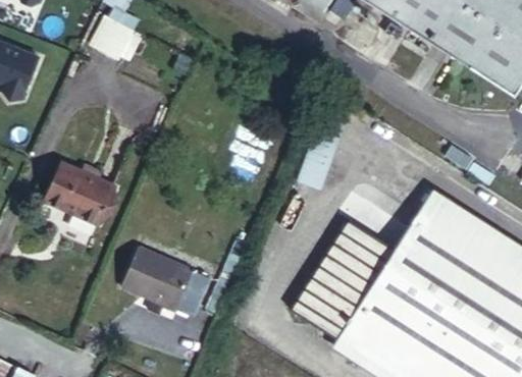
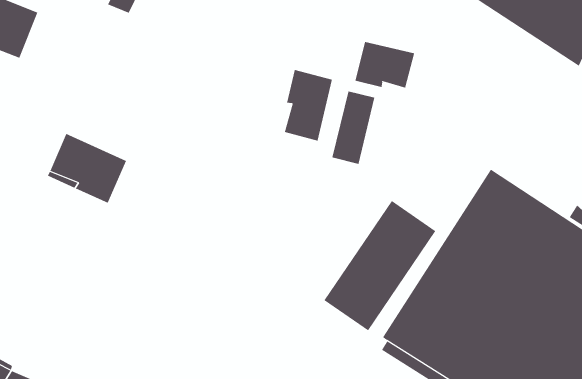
building: none -> [355,41,415,88]
building: none -> [284,69,333,141]
building: [122,243,212,313] -> none

